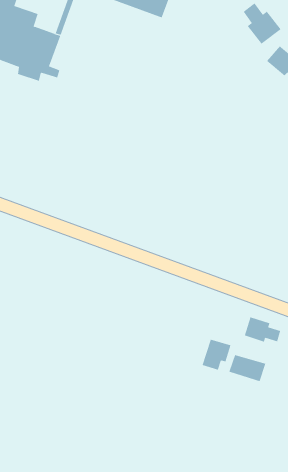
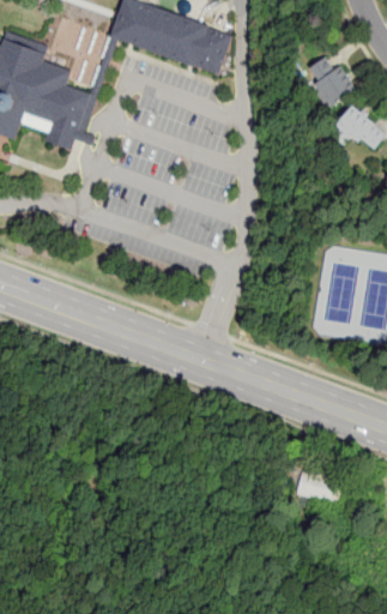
building: [244,317,281,342] -> none
building: [202,339,231,371] -> none

